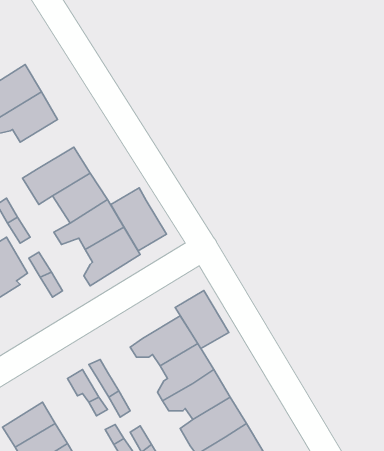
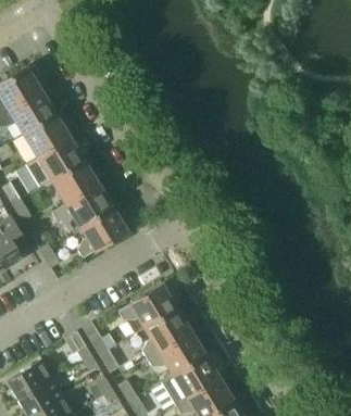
building: none -> [23,114,70,157]
building: [111,188,167,251] -> none
building: [175,291,229,348] -> none

